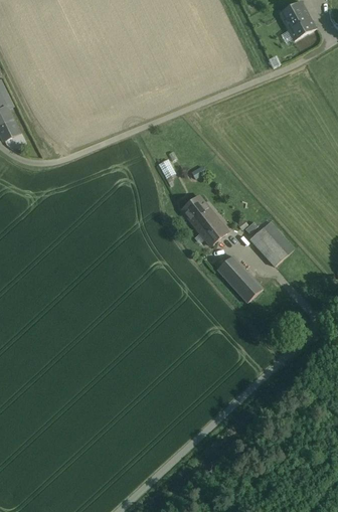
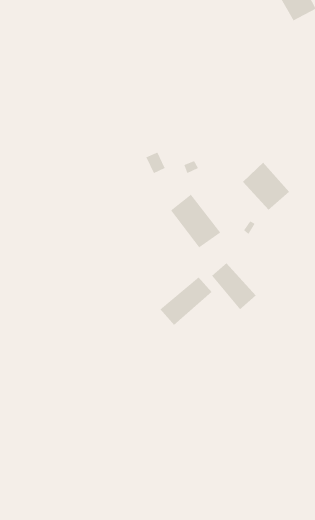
building: [250,220,294,265] -> [242,162,290,211]
building: none -> [160,276,212,326]

